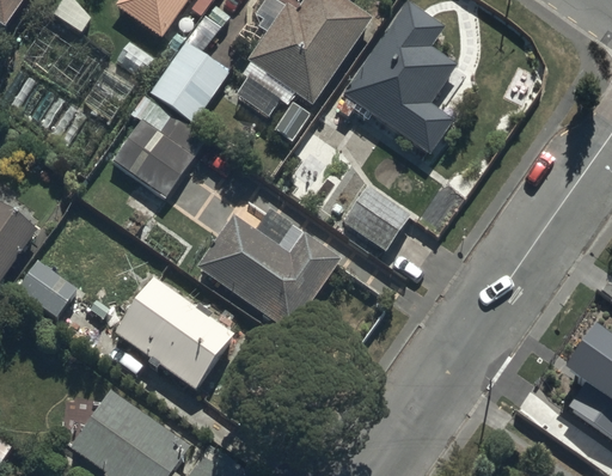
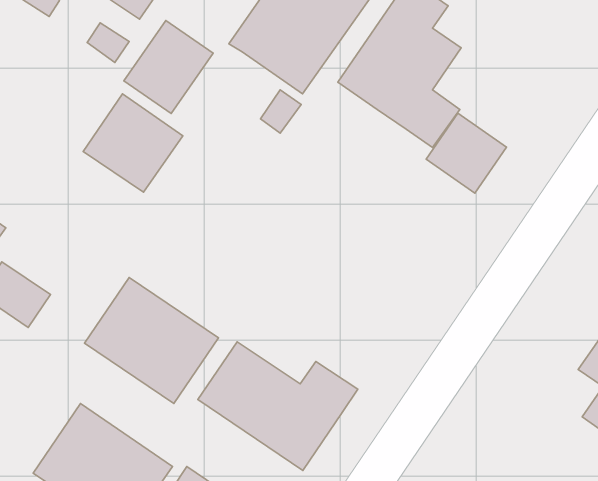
building: [341,179,414,252] -> [426,113,506,193]
building: [195,214,341,331] -> [198,342,358,470]

